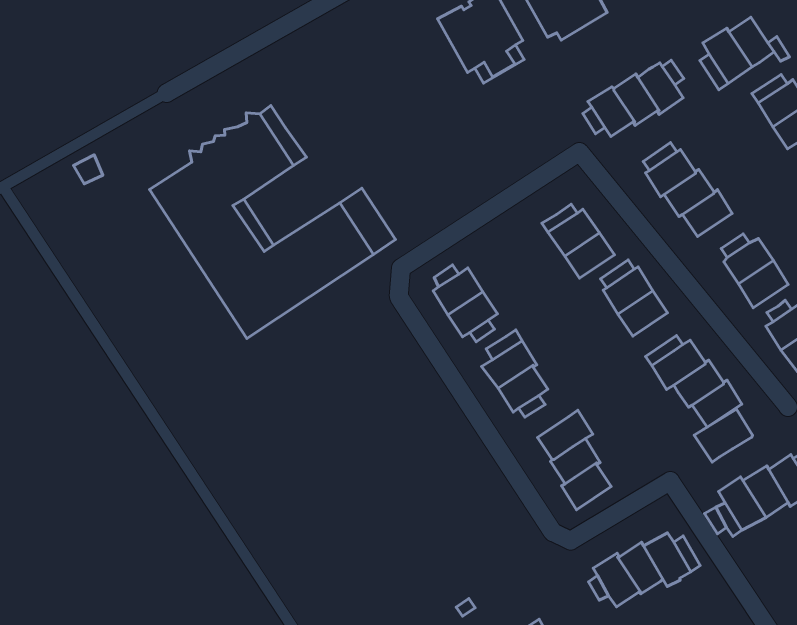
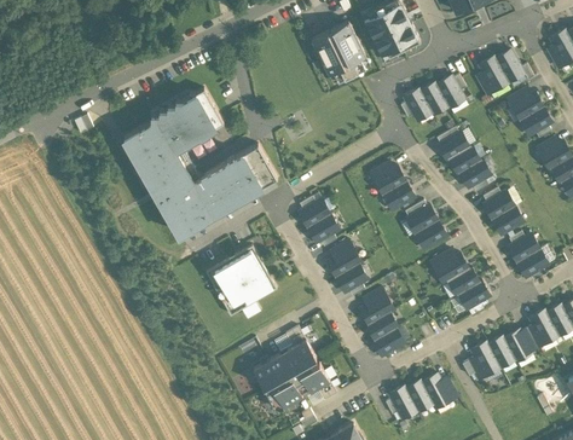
building: none -> [206,245,277,317]
building: [694,409,753,462] -> none
building: none -> [254,326,336,410]

